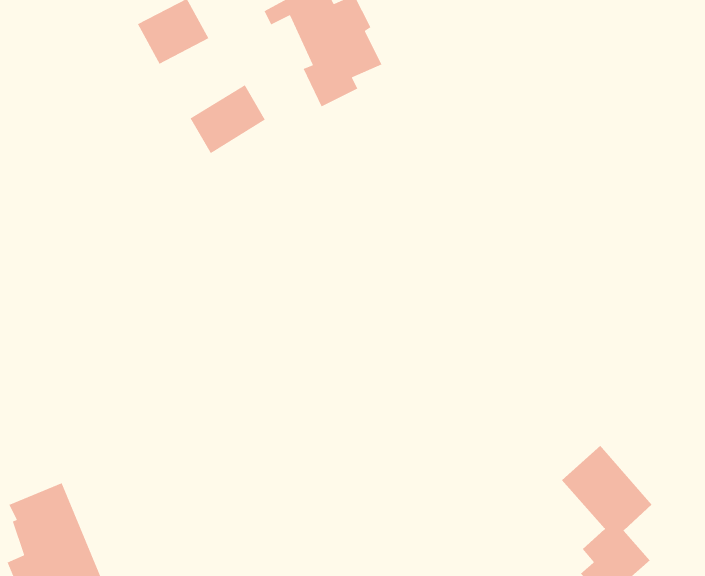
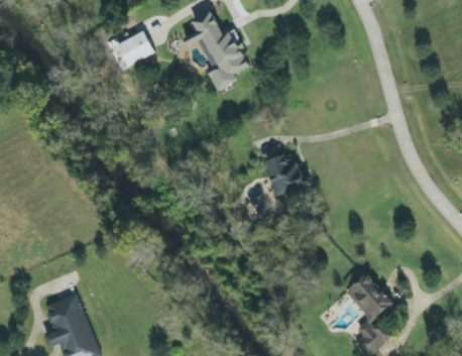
building: [190,84,266,154] -> none
building: none -> [266,154,305,196]

